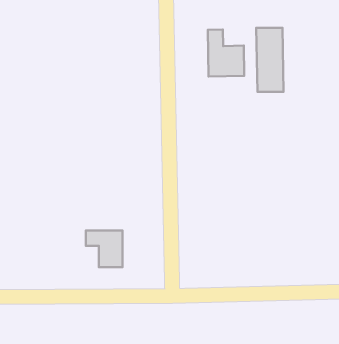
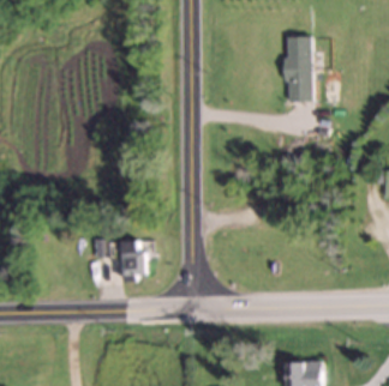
building: [208,29,244,76] -> none

